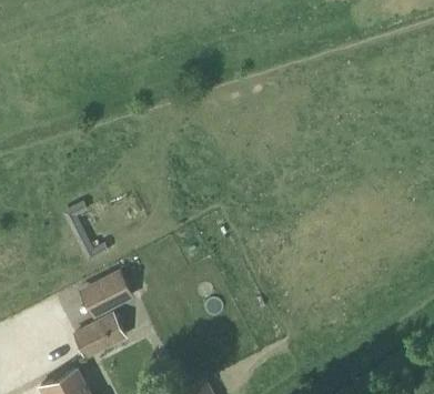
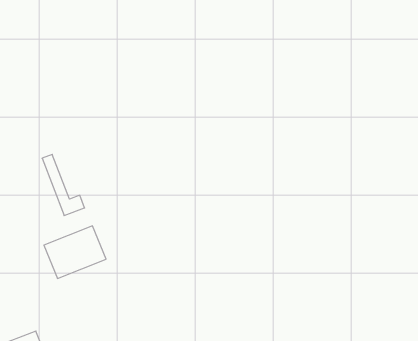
building: [73,315,128,361] -> none

